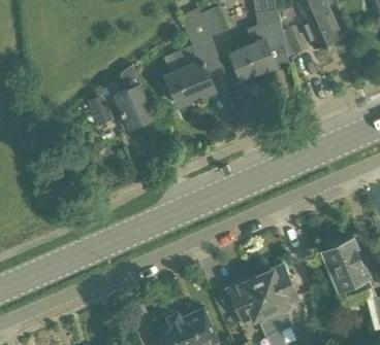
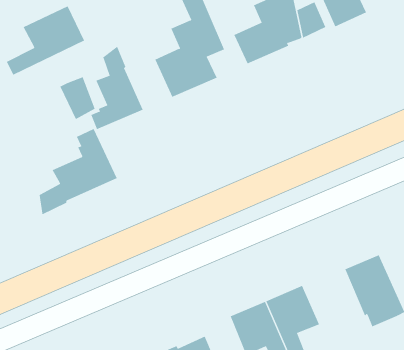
building: none -> [6,5,85,76]
building: none -> [39,128,117,215]

